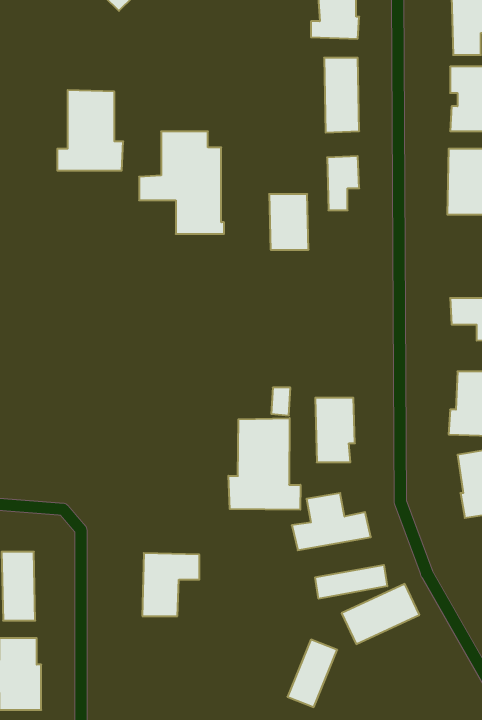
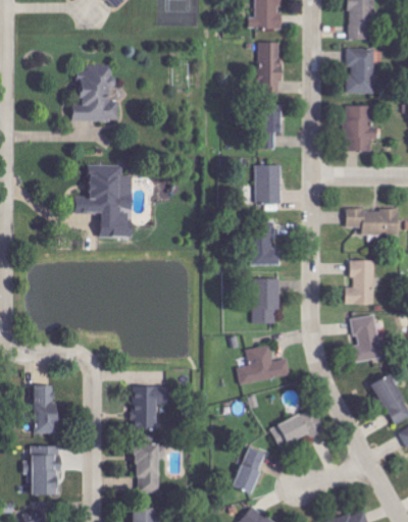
building: [139,131,224,234] -> [73,165,133,237]
building: [269,194,309,250] -> [253,165,280,204]
building: none -> [250,221,278,265]
building: [228,418,300,510] -> none
building: [315,565,387,599] -> none
building: none -> [134,443,165,492]

